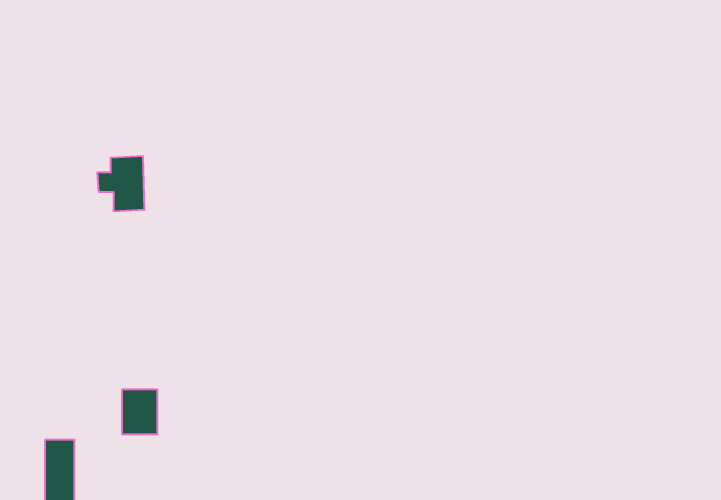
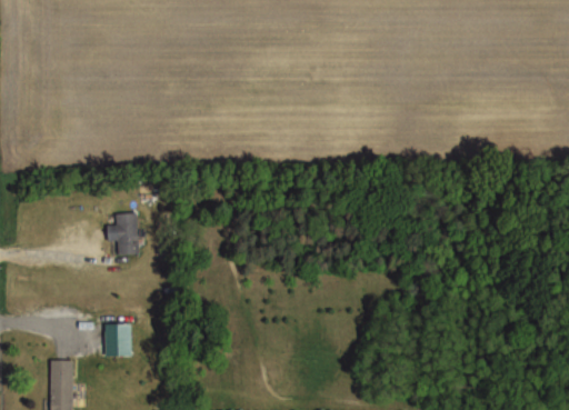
building: [97,156,145,211] -> [106,213,141,254]

